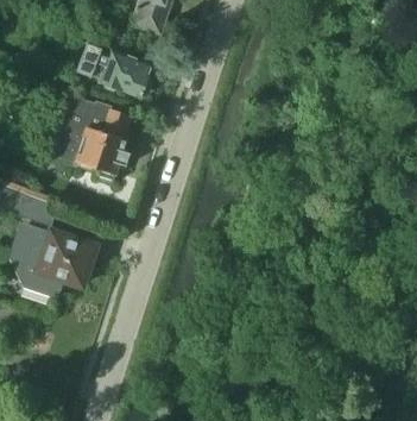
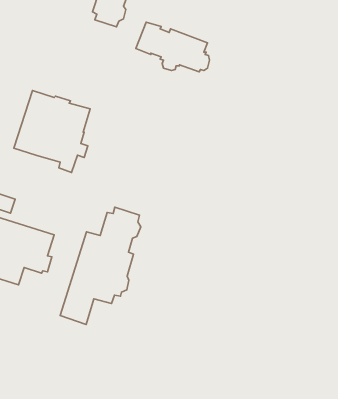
building: [72,43,149,94] -> [136,22,210,72]
building: none -> [60,207,141,325]

